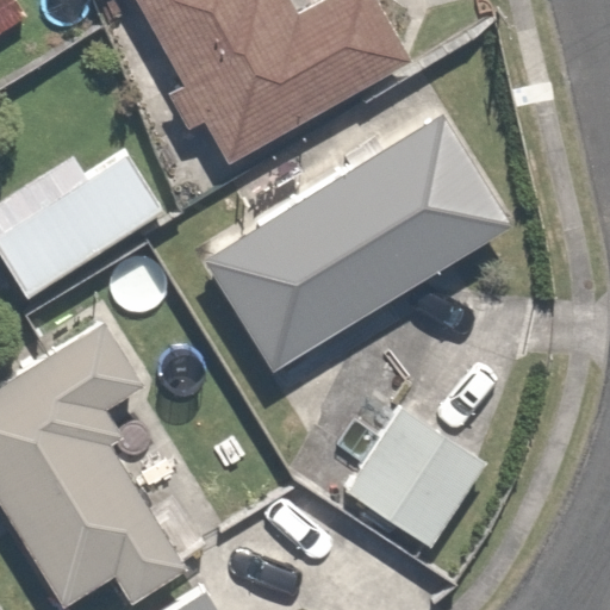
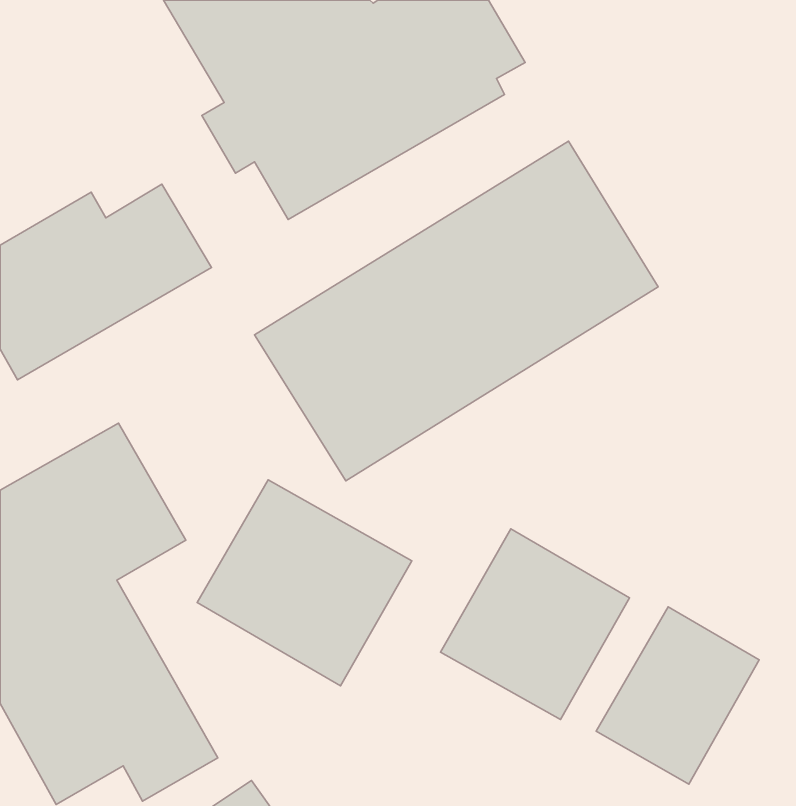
building: none -> [197,480,412,686]
building: none -> [596,607,759,784]

